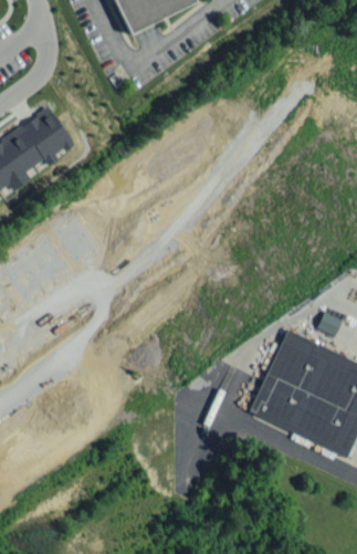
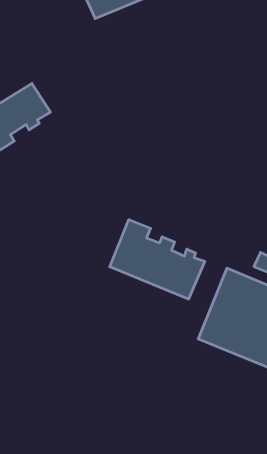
building: none -> [110,220,205,299]

